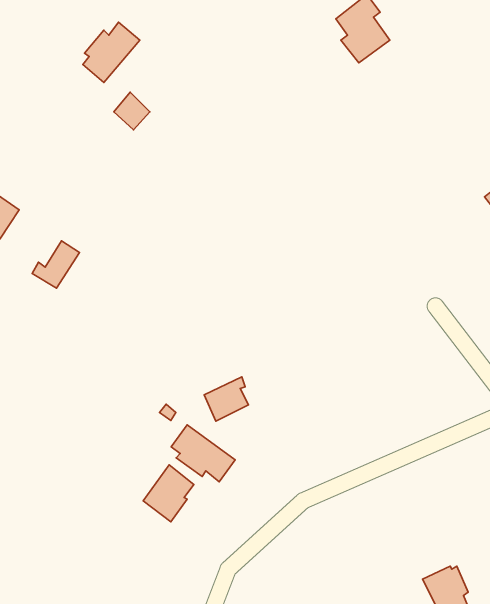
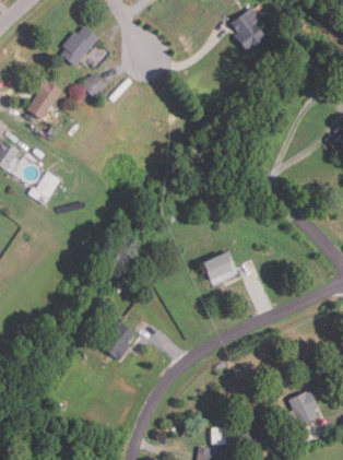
building: none -> [27,79,61,120]
building: [204,377,248,421] -> [204,252,234,282]
building: [171,425,235,482] -> none

